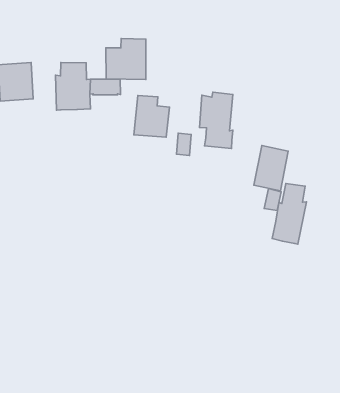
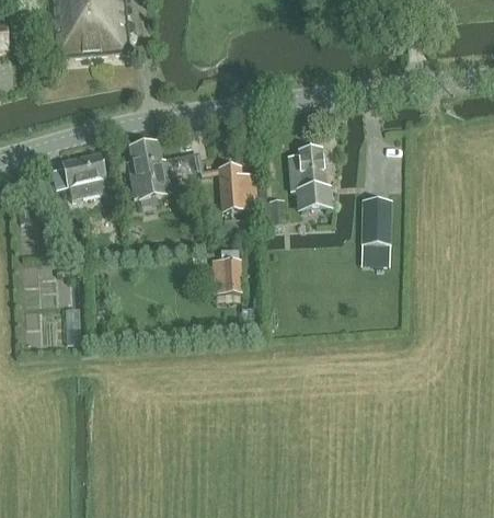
building: [106,39,146,79] -> none
building: none -> [211,254,242,289]
building: [272,183,306,244] -> none

